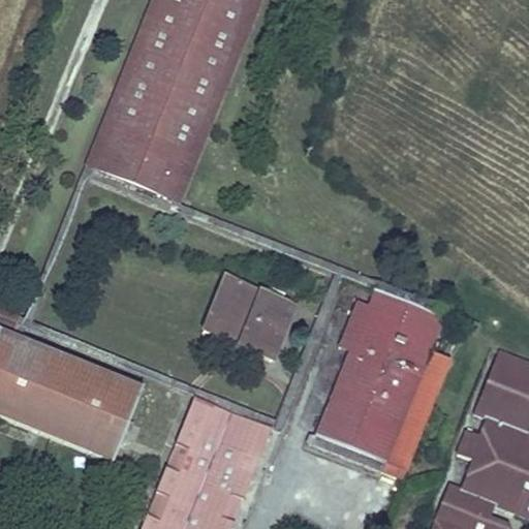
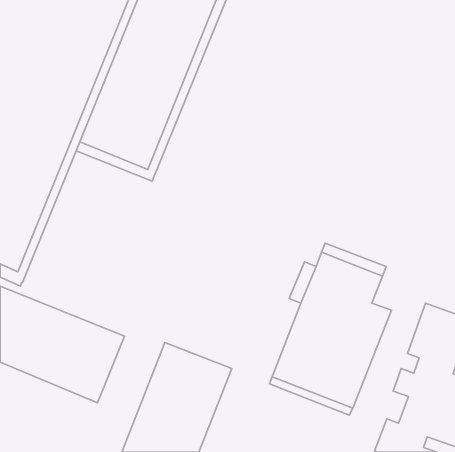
building: [204,274,298,359] -> none

